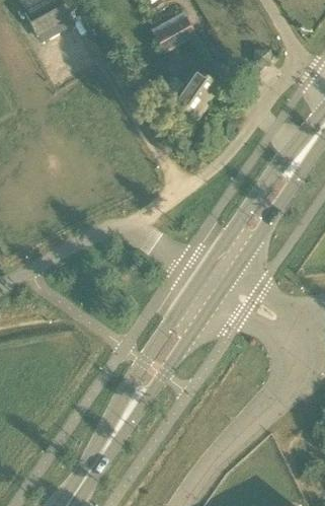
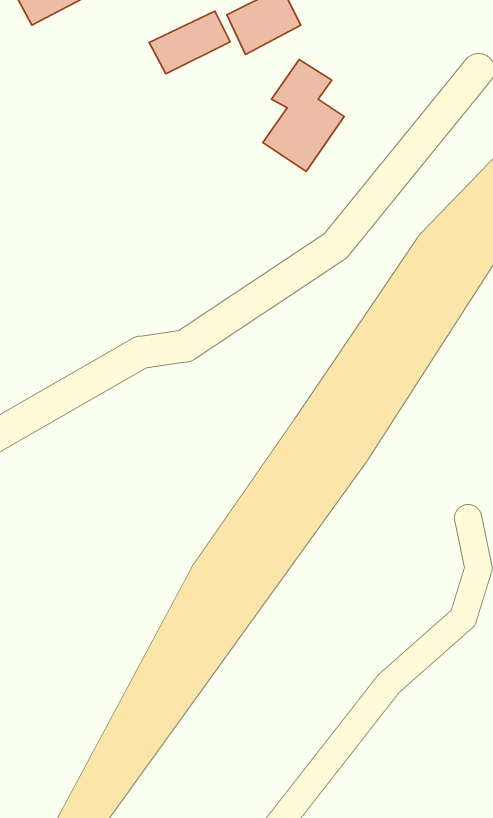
building: none -> [149,11,230,74]

